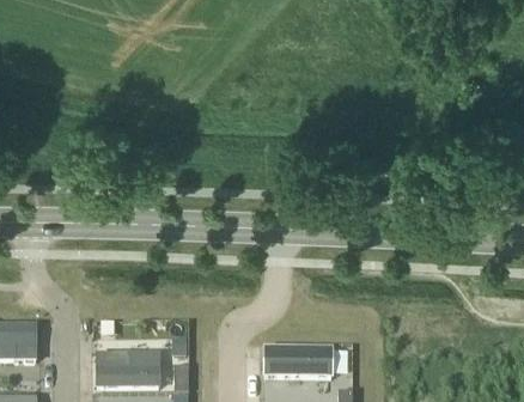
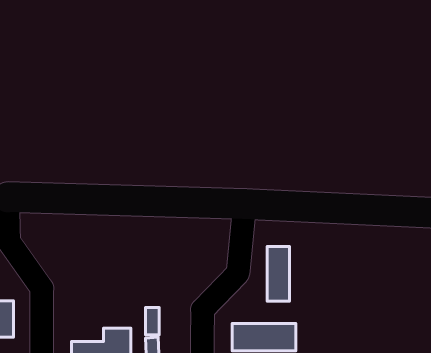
building: none -> [267,246,289,301]

